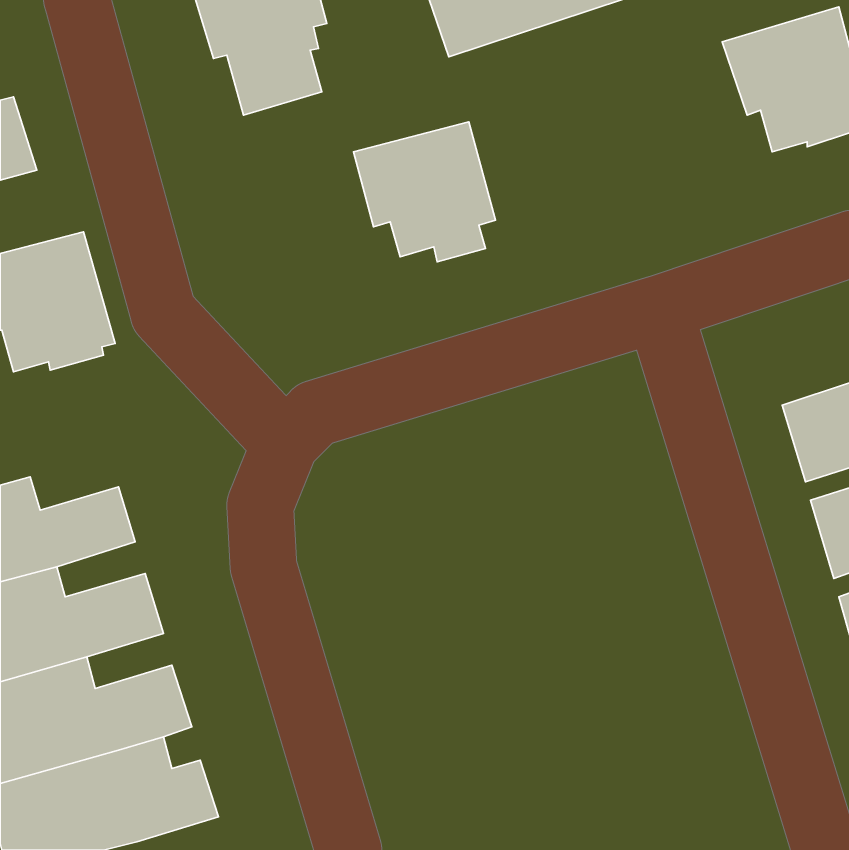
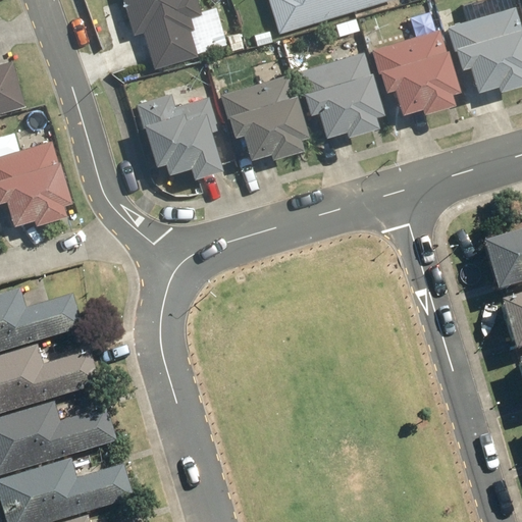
building: none -> [371,29,457,115]
building: none -> [292,50,383,138]
building: none -> [134,82,222,180]

